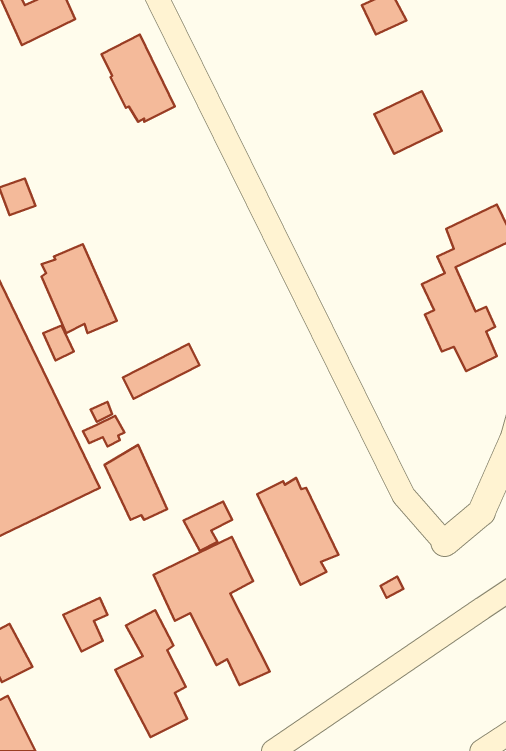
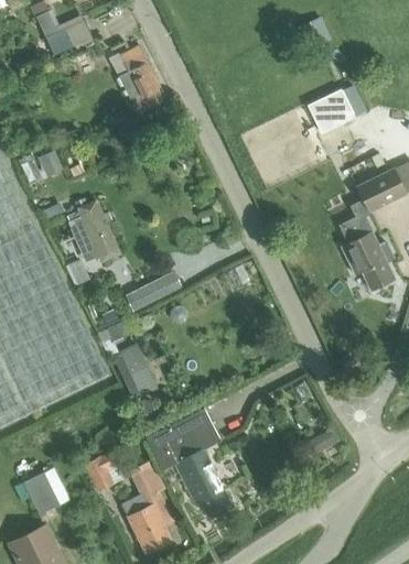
building: [257,478,338,585] -> none
building: [184,501,232,551] -> none

